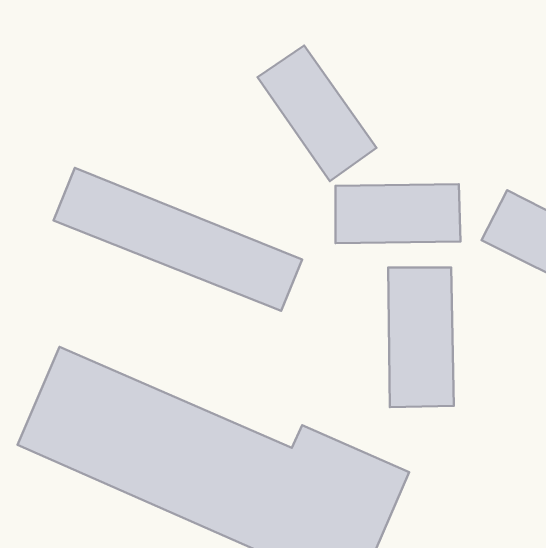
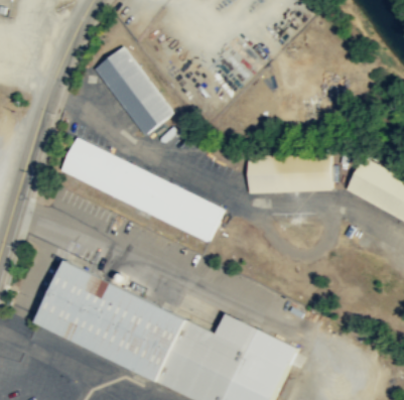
building: [257,46,376,181] -> [95,46,174,137]
building: [388,267,454,407] -> none

